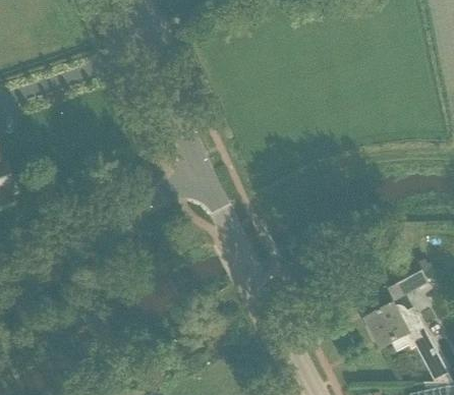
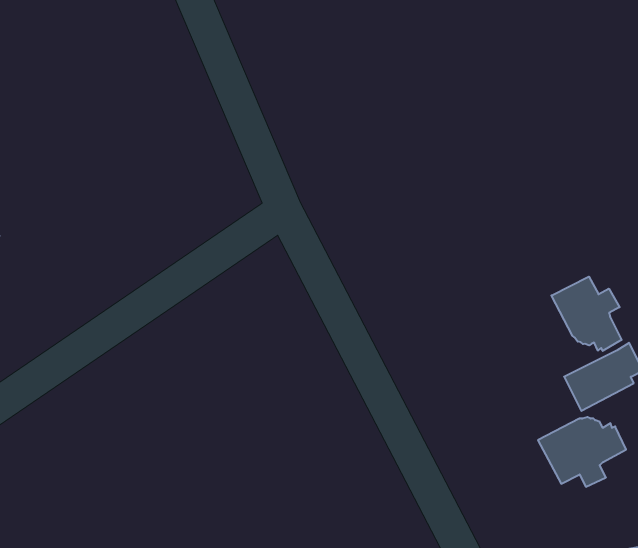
building: none -> [551,277,622,351]

